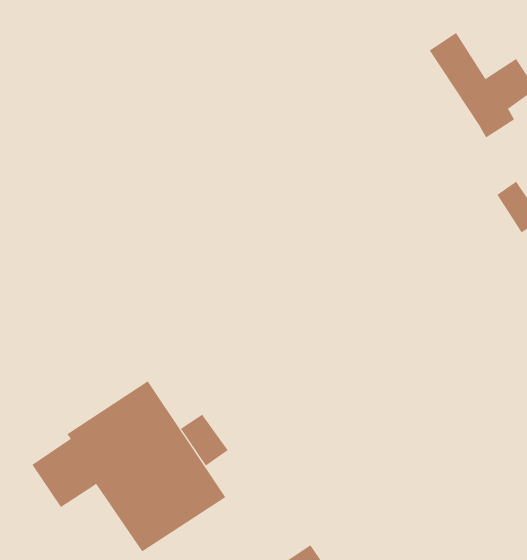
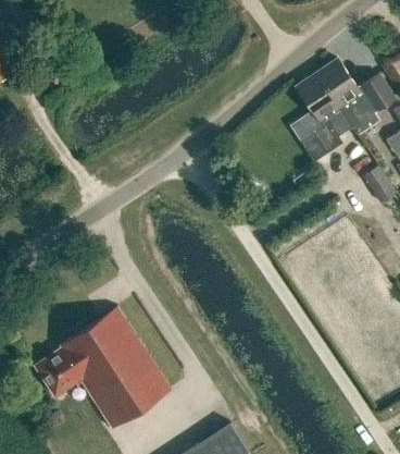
building: none -> [296,72,351,161]
building: [180,414,228,467] -> none

